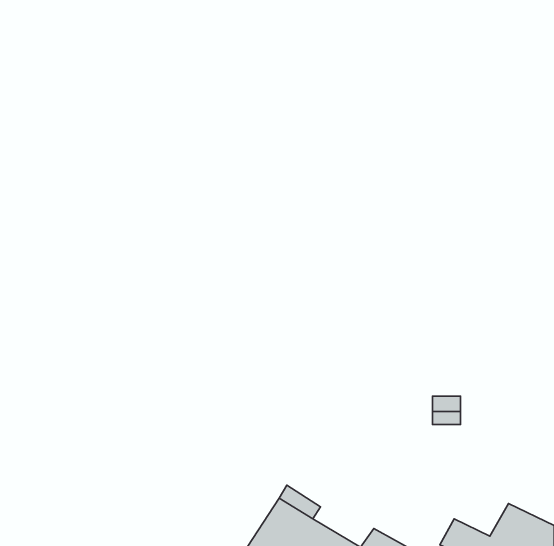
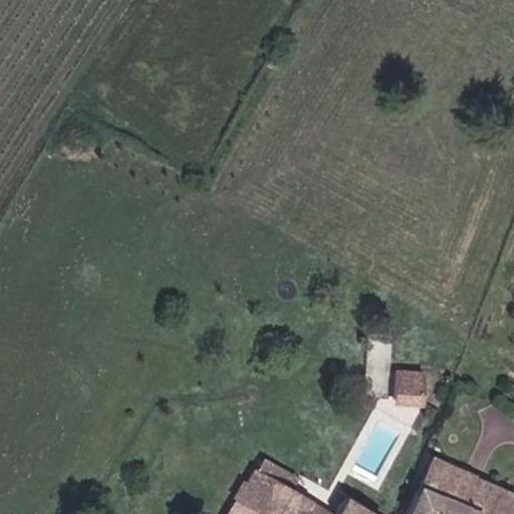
building: none -> [420,459,470,504]

